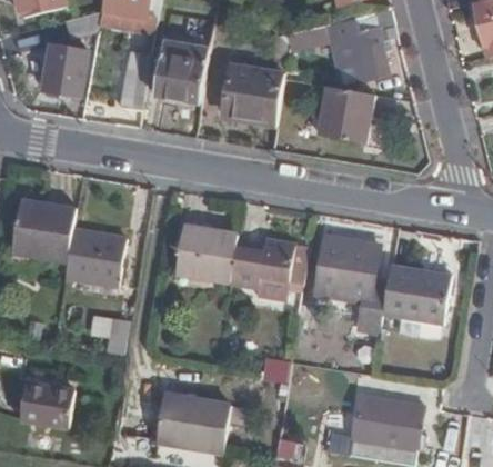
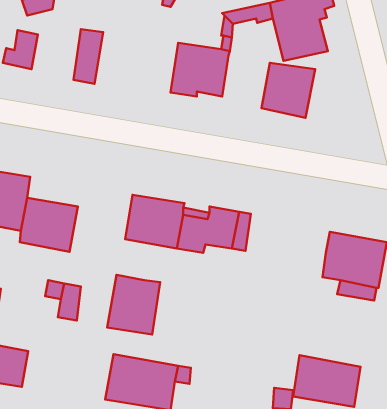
building: [153,41,210,102] -> none
building: [312,237,385,335] -> none
building: none -> [107,275,160,334]

